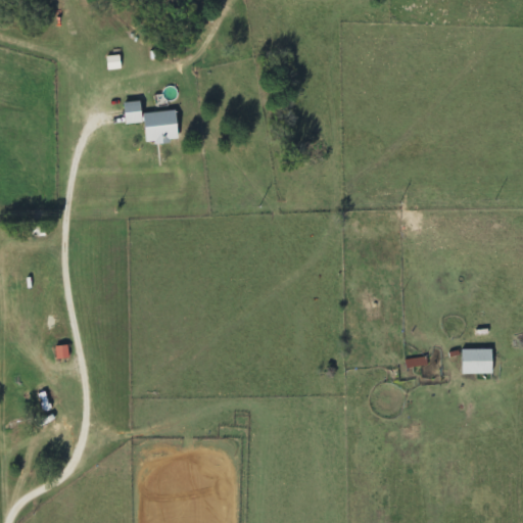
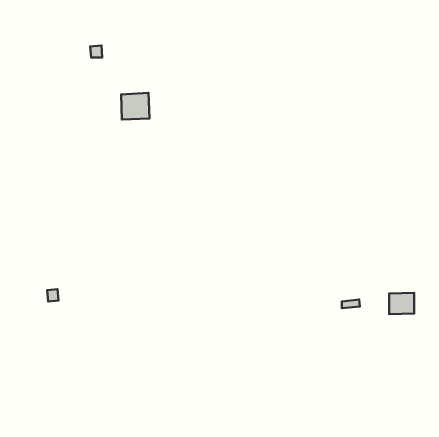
building: [123,100,143,124] -> none

